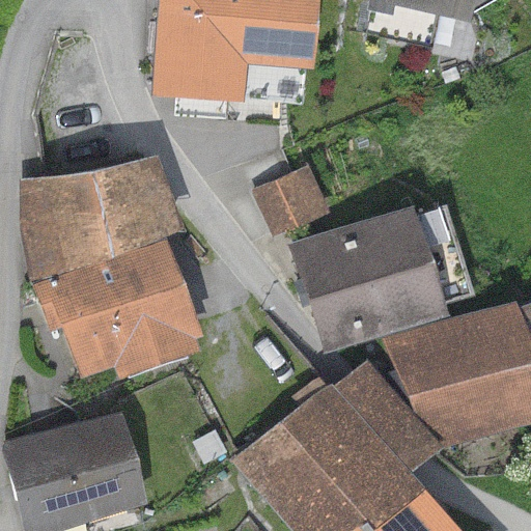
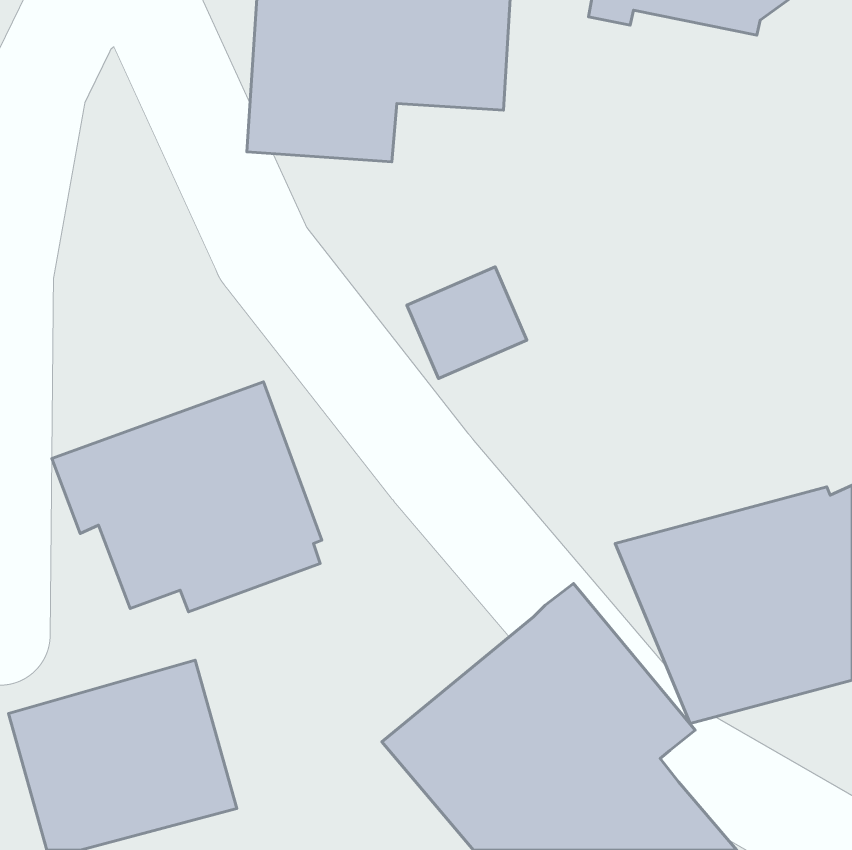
building: [19,155,185,285] -> none
building: [289,205,470,353] -> none

